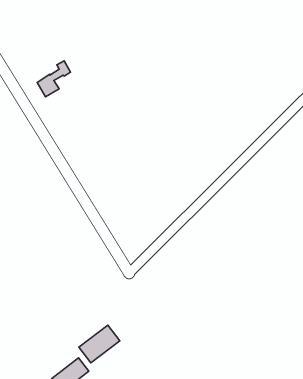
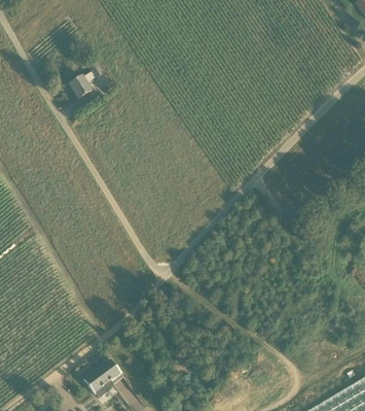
building: [79,325,120,363] -> none

